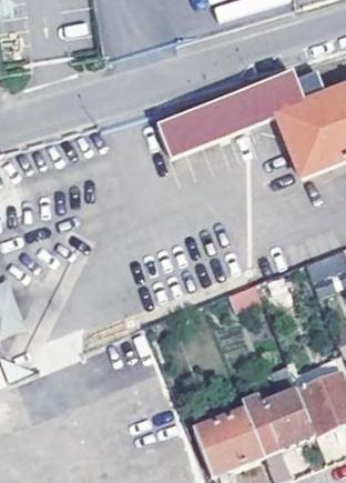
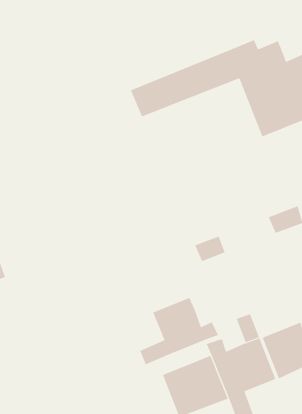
building: none -> [139,297,219,365]

